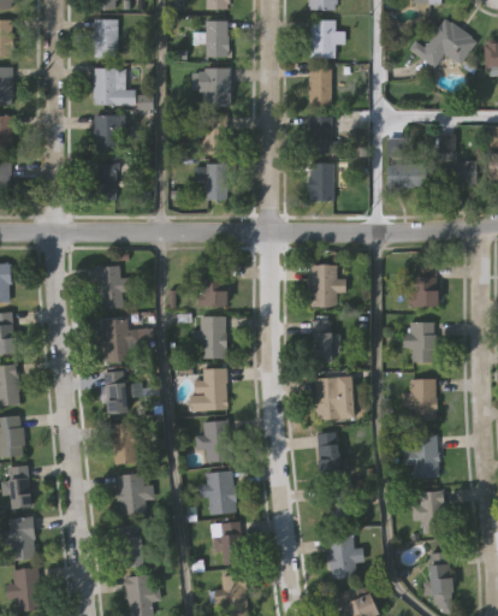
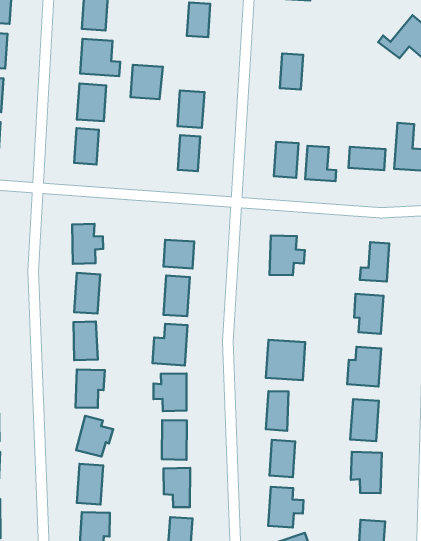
building: [308,22,344,59] -> none
building: [197,69,230,103] -> [131,65,163,99]
building: [308,118,340,154] -> [305,146,336,181]
building: [312,320,337,363] -> none

